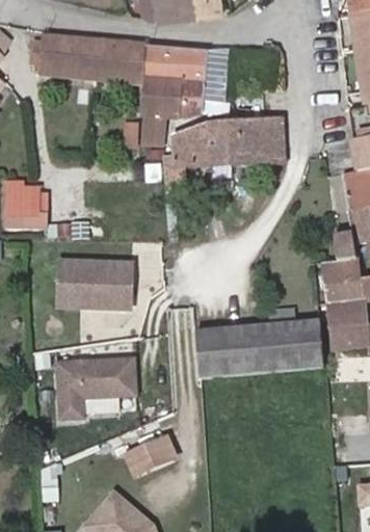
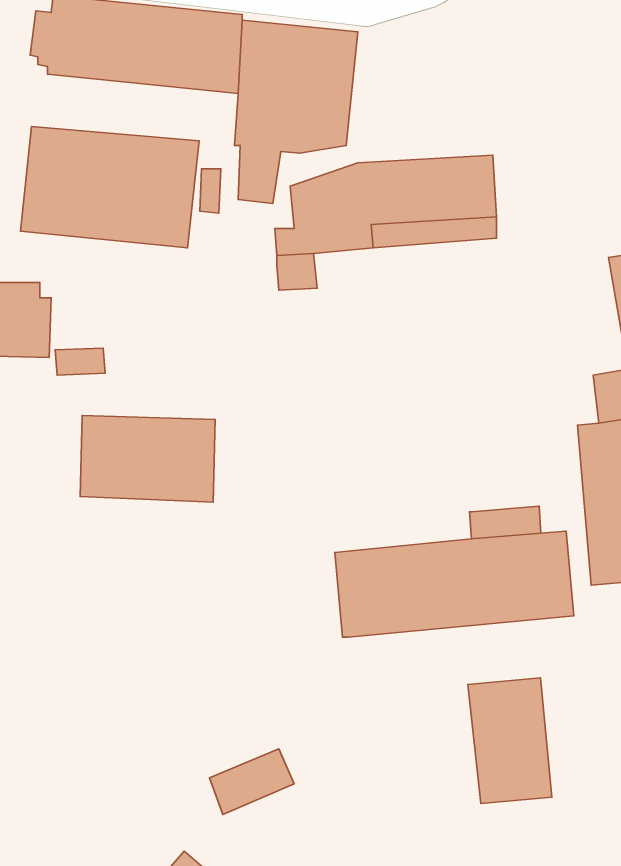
building: none -> [20,127,199,248]
building: [58,354,137,415] -> none
building: none -> [468,678,552,803]

